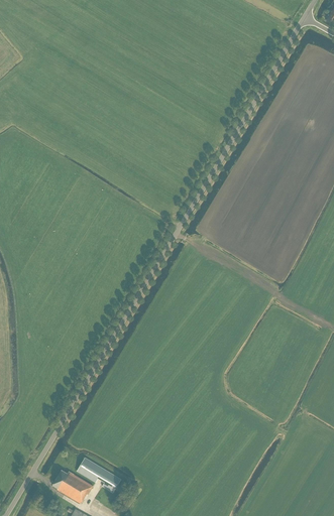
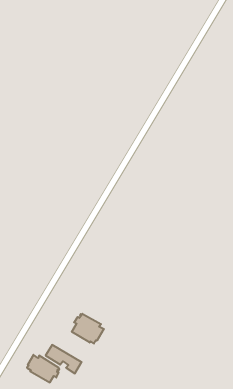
building: none -> [72,314,104,344]

